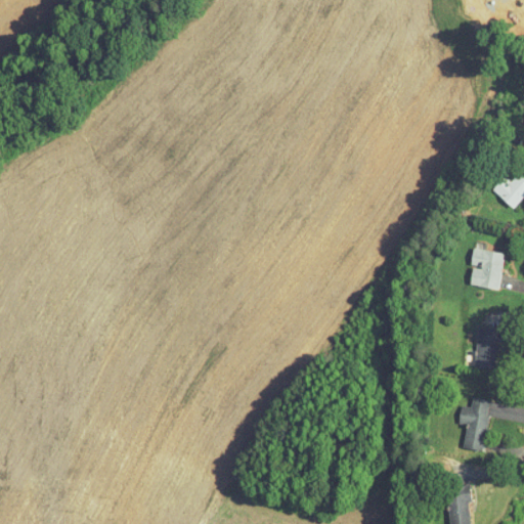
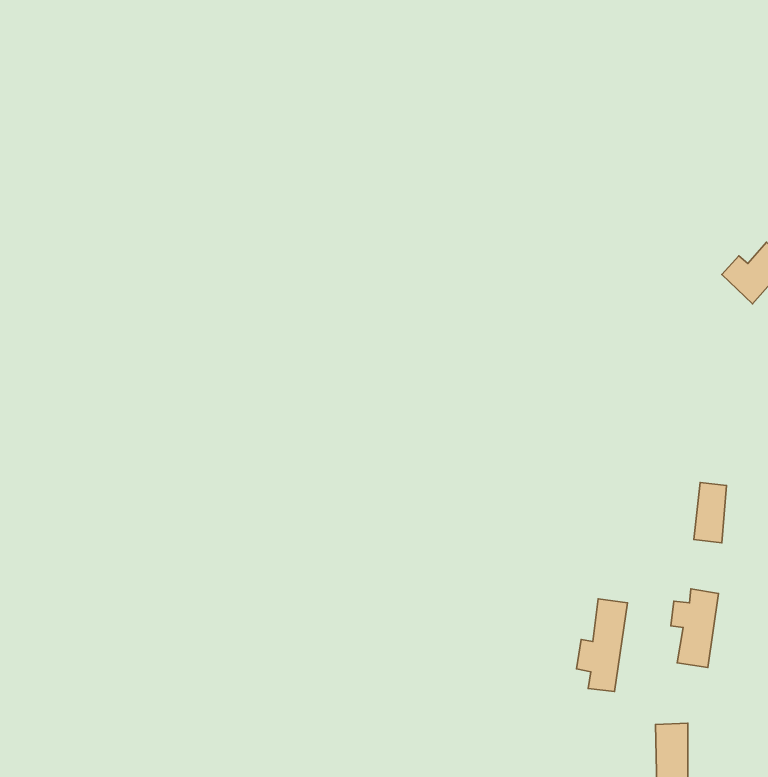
building: [468,248,505,290] -> none
building: none -> [576,599,627,692]

